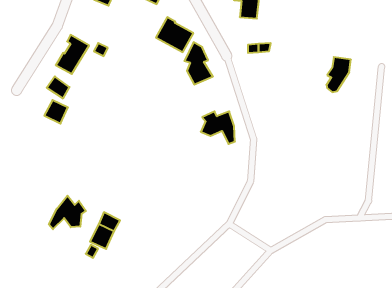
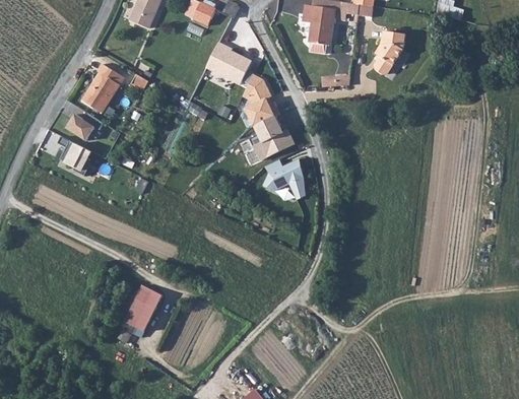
building: [326,57,351,92] -> [373,29,403,73]
building: none -> [253,116,294,159]
building: [49,196,86,229] -> none

